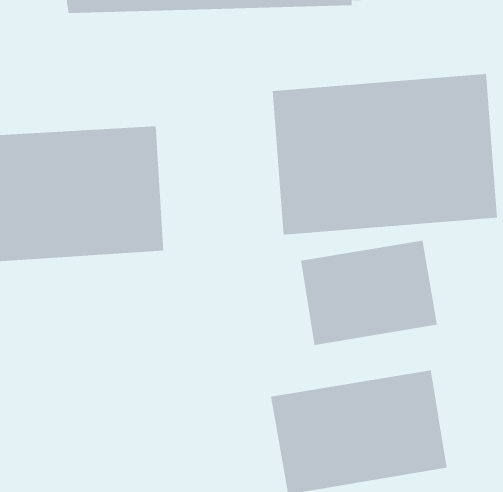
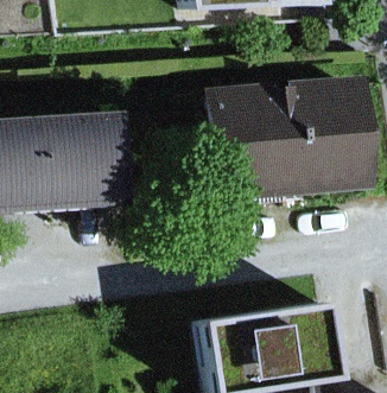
building: [301,240,437,346] -> none

